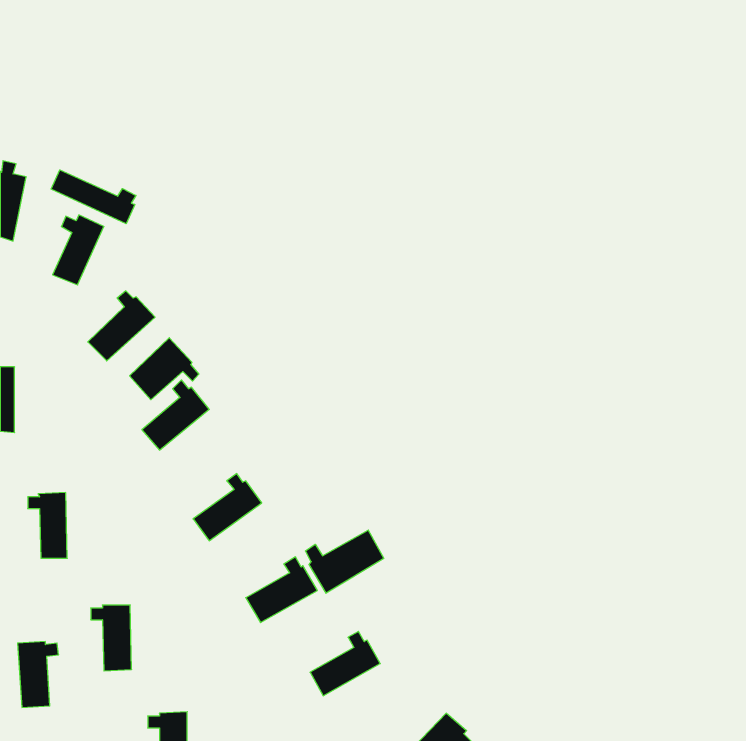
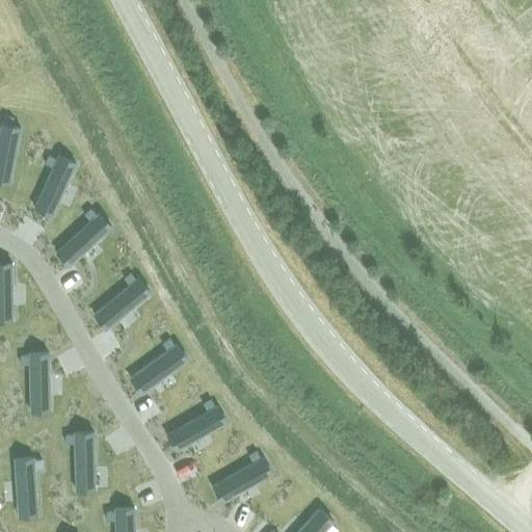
building: [51,170,136,224] -> none
building: [130,338,199,400] -> none
building: [305,530,384,593] -> none

